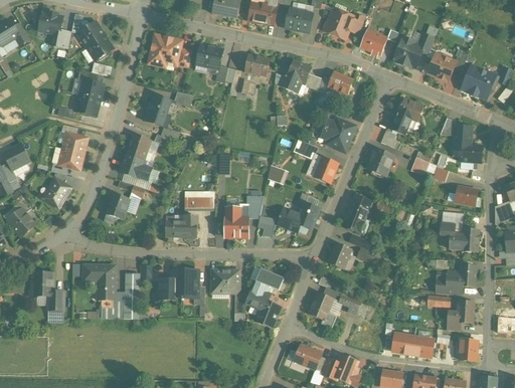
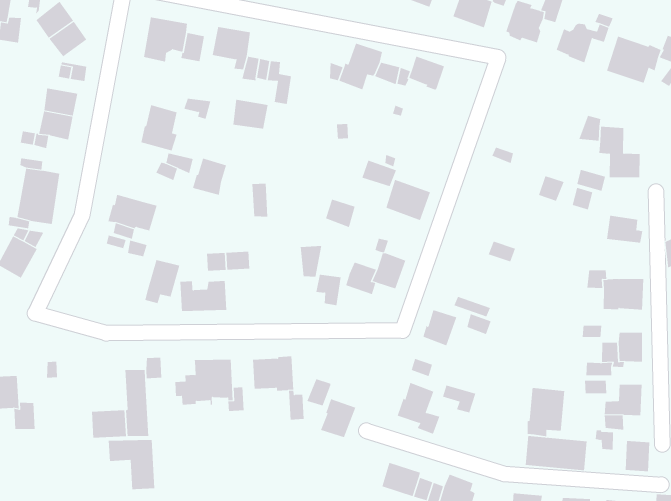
building: [244,54,270,75] -> [232,99,269,129]
building: [391,99,422,133] -> none
building: [320,118,355,152] -> none
building: [126,134,150,160] -> [192,158,227,195]
building: [367,148,393,176] -> none
building: [104,193,129,223] -> [145,259,180,304]
building: [343,196,370,233] -> none
building: [224,207,247,237] -> none
building: [83,265,114,300] -> [108,440,155,490]
building: [253,267,284,293] -> none
building: none -> [527,387,565,437]

